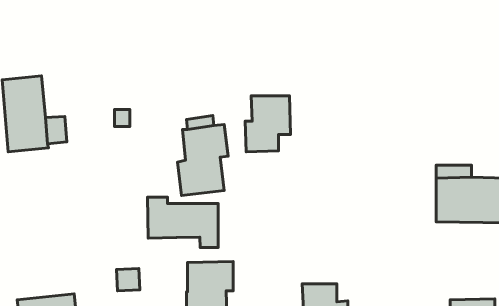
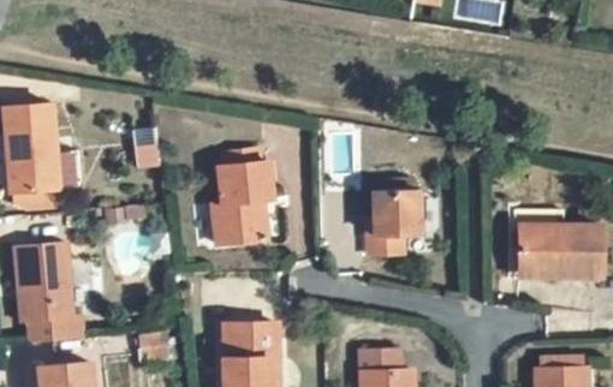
building: [245,96,291,152] -> [365,190,419,256]
building: none -> [16,244,84,344]
building: [147,197,218,248] -> none

